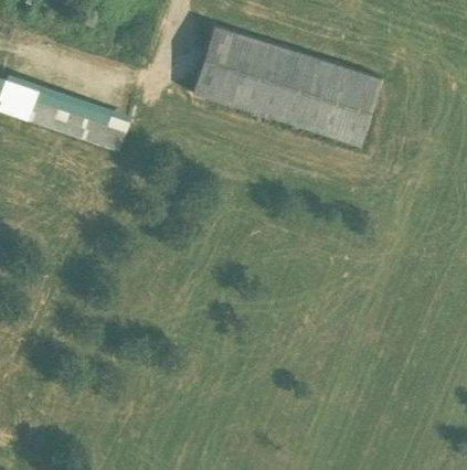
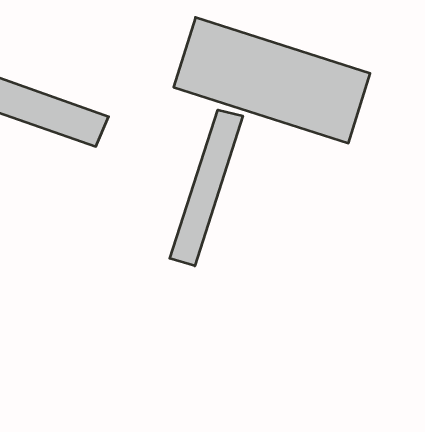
building: none -> [170,110,243,266]

